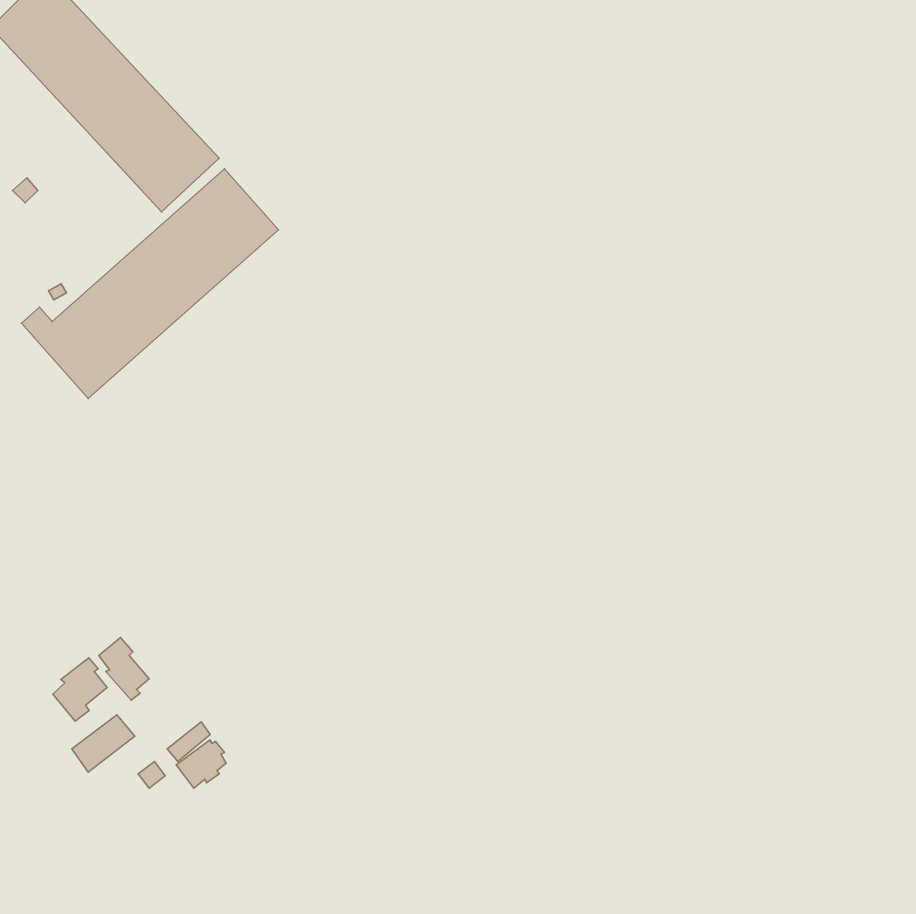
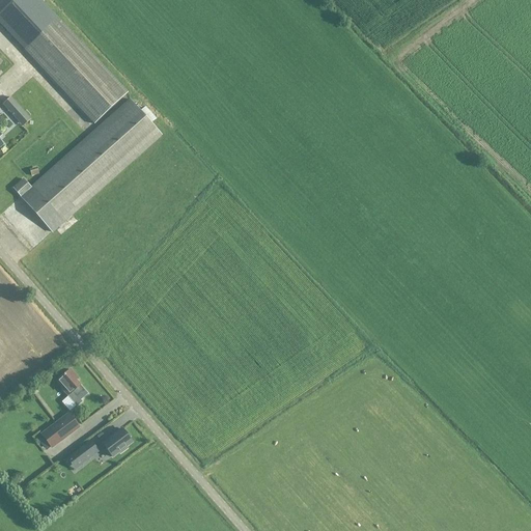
building: [53,658,107,721] -> none

